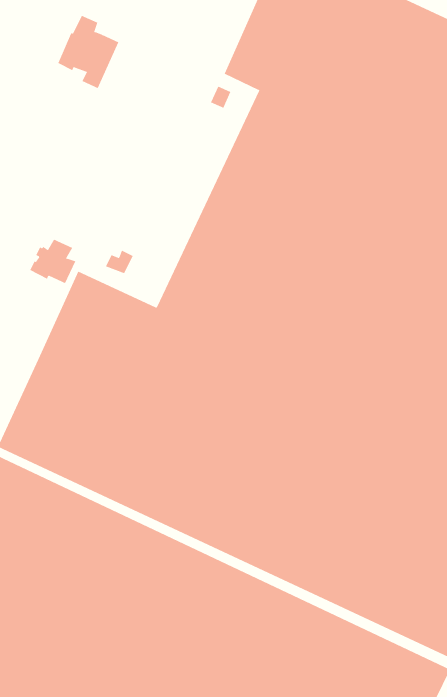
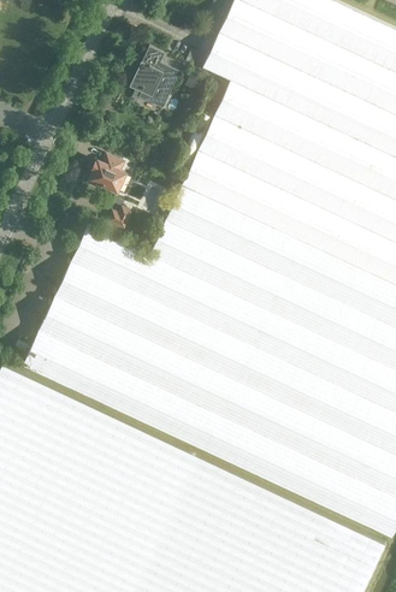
building: [58,15,119,89] -> [130,48,179,107]
building: [29,239,76,284] -> [88,155,125,191]

